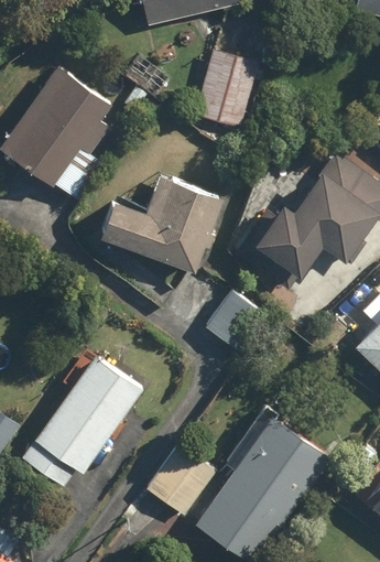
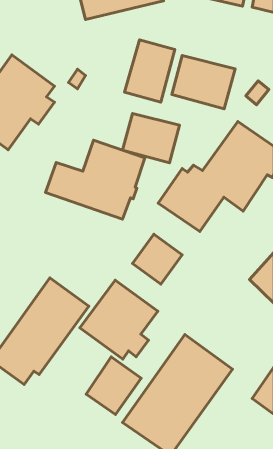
building: none -> [172,55,235,109]
building: none -> [123,113,180,163]
building: none -> [80,280,158,359]

